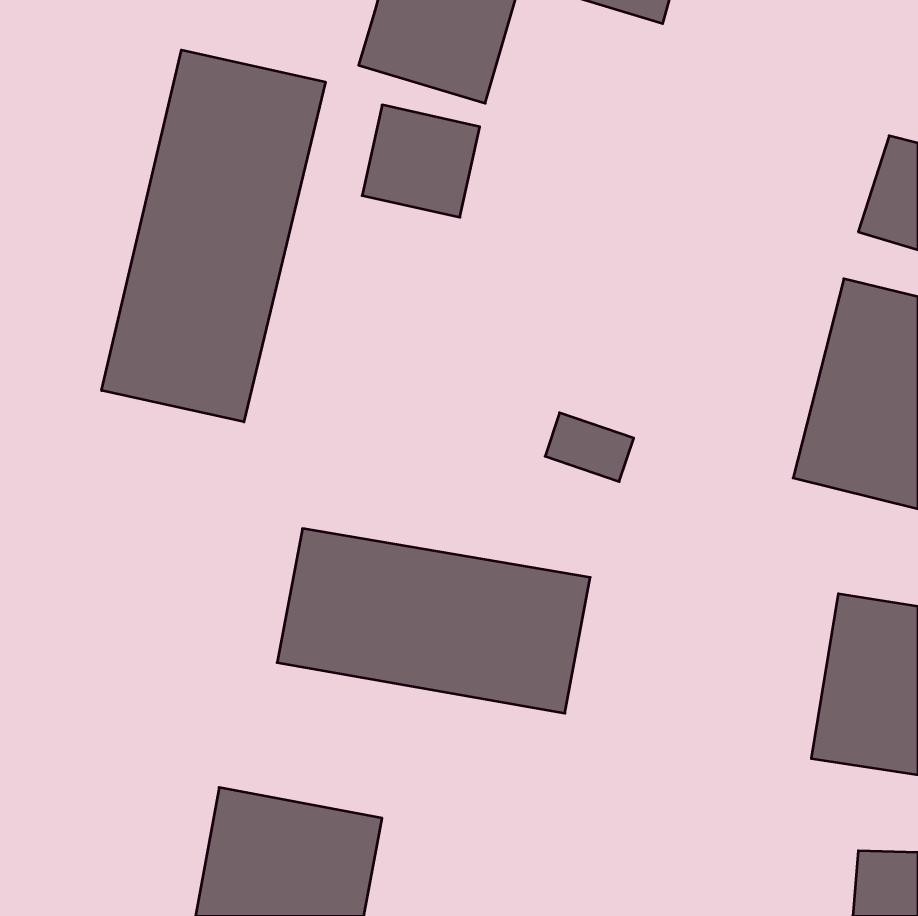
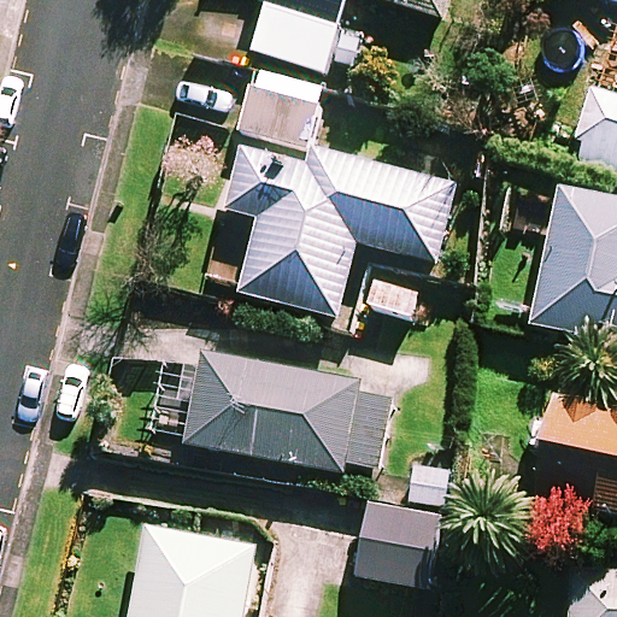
building: [102,50,325,422] -> none
building: none -> [225,147,456,315]
building: none -> [357,510,436,584]

